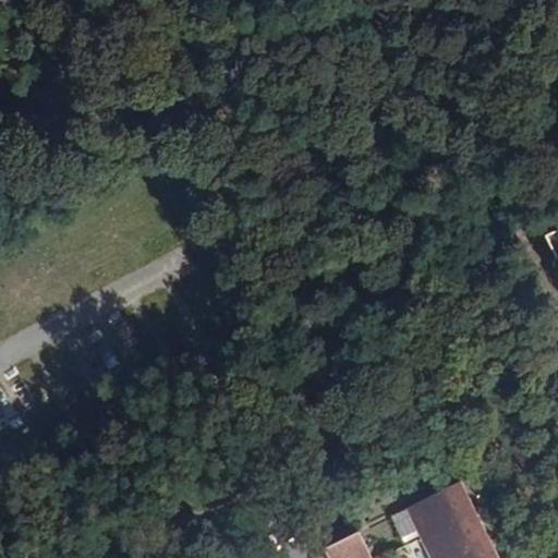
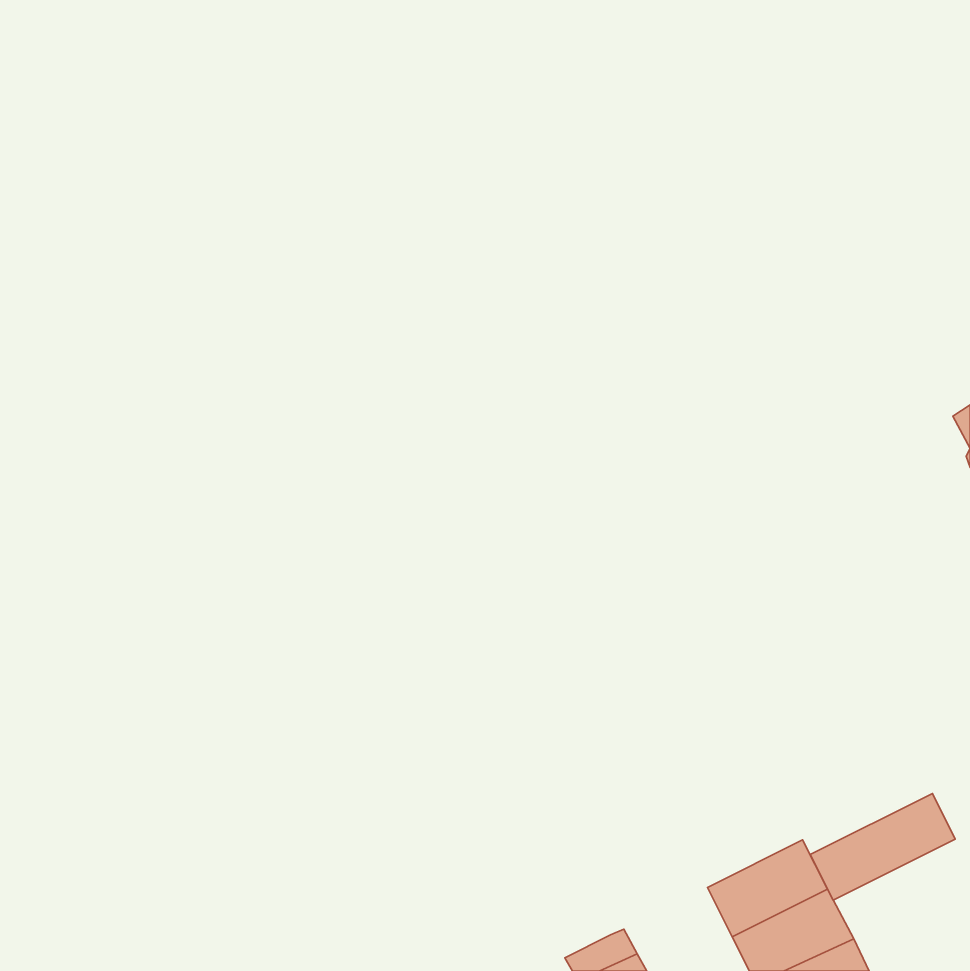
building: none -> [810,793,955,900]

